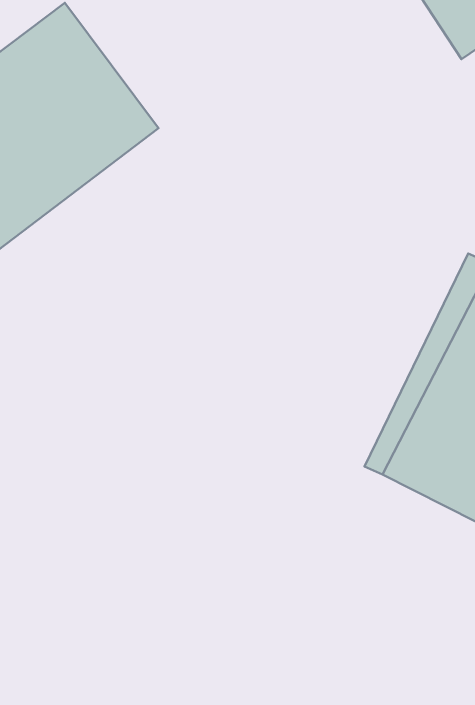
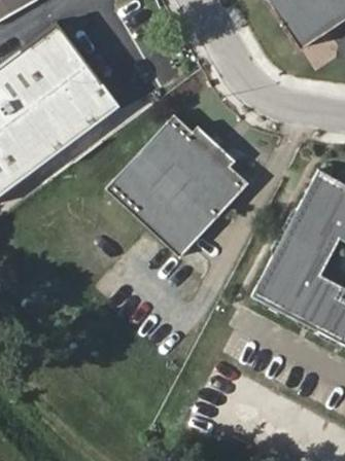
building: none -> [105,118,247,260]

